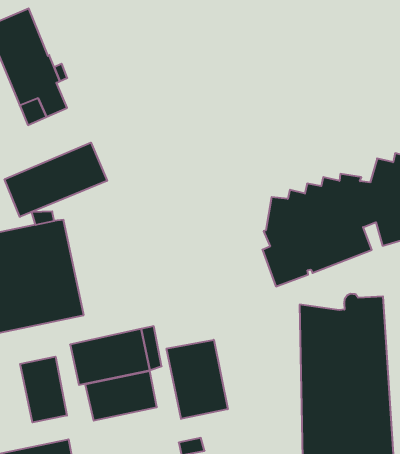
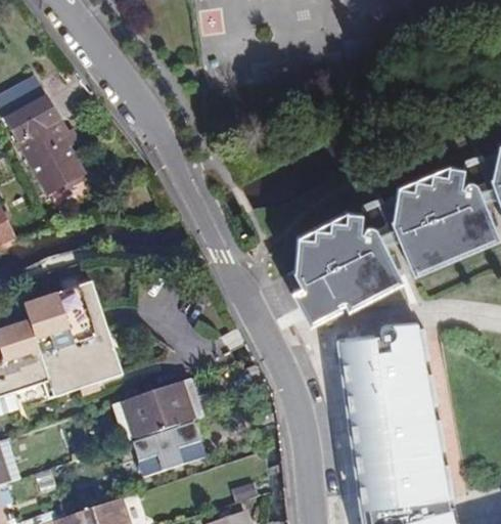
building: [5,143,107,217] -> none
building: [167,340,228,419] -> none
building: [20,357,67,422] -> none

